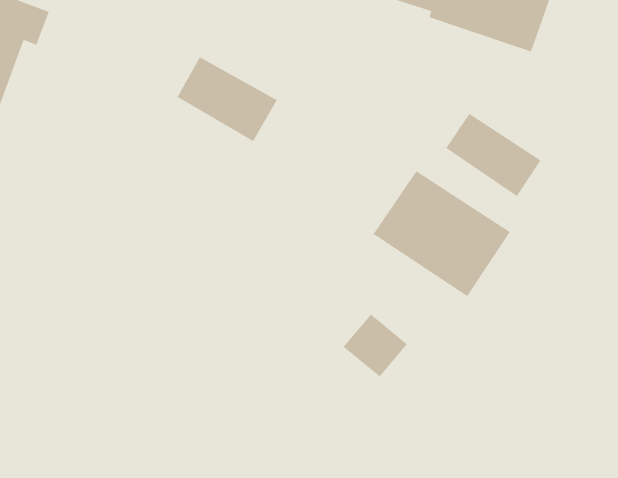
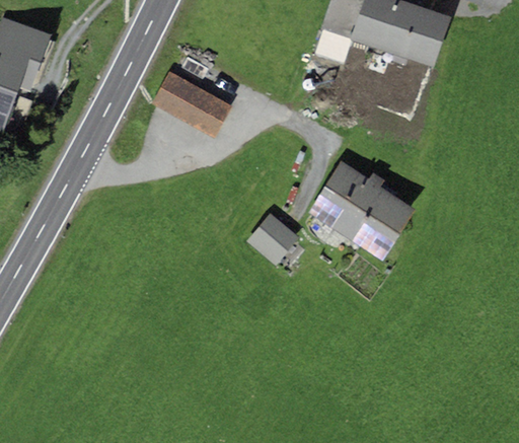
building: [445,113,542,197] -> none
building: [343,314,408,378] -> [247,213,299,264]

